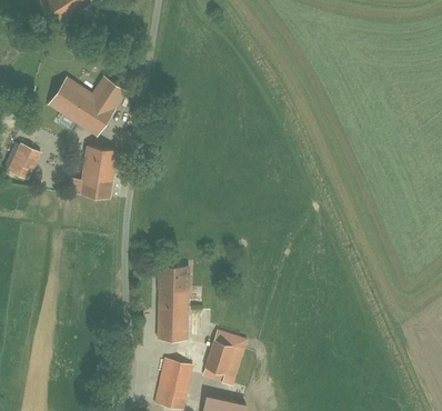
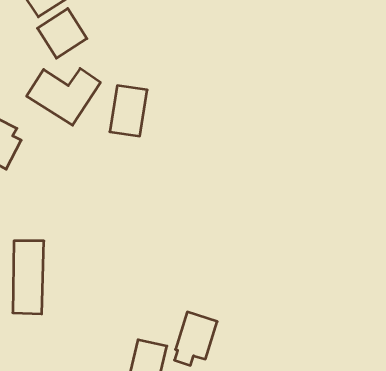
building: none -> [37,8,87,58]
building: [79,144,118,197] -> [110,86,147,136]
building: [157,265,189,341] -> [13,241,44,314]

